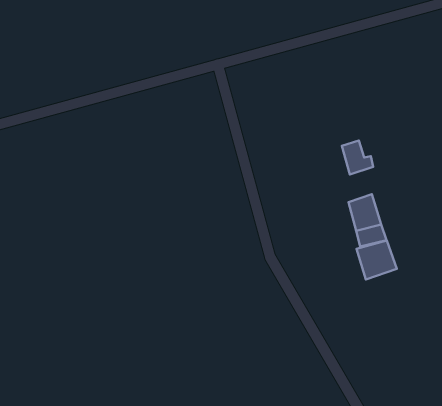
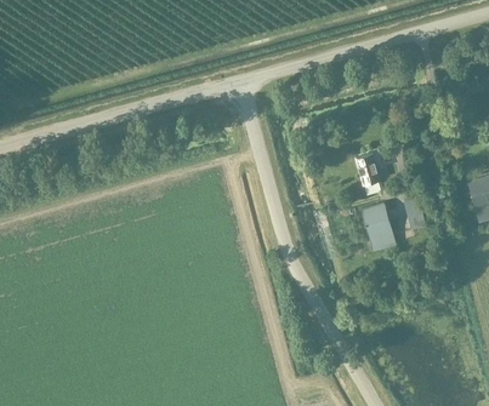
building: [357,240,397,279] -> none

